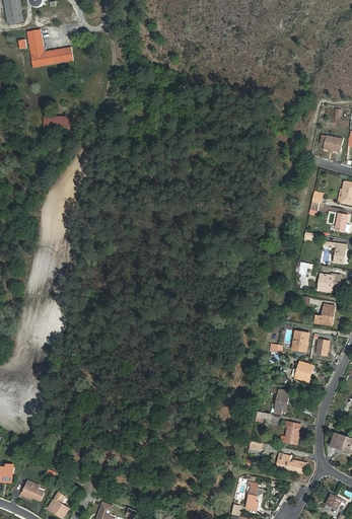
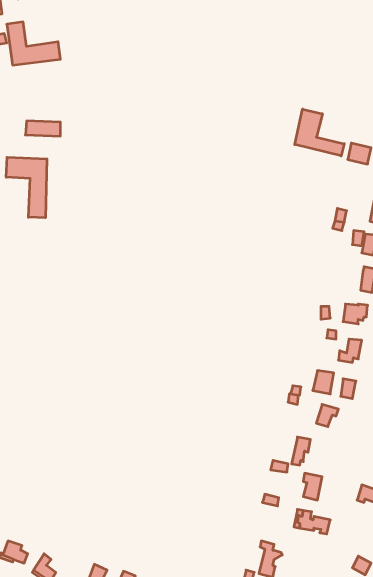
building: none -> [295,109,344,156]
building: none -> [6,157,47,218]

